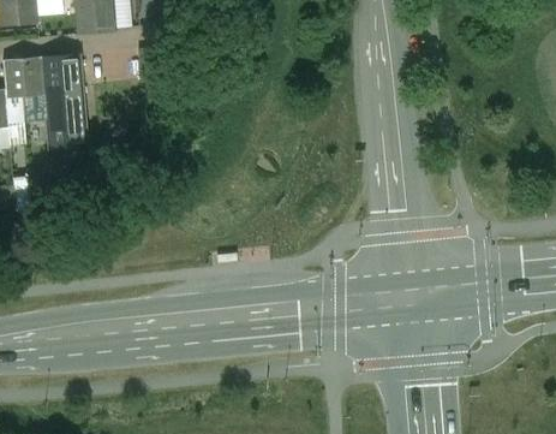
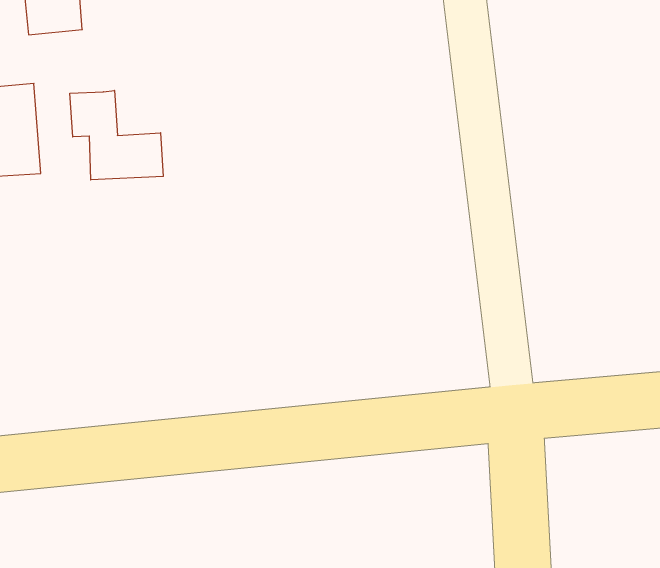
building: none -> [70,90,163,180]

